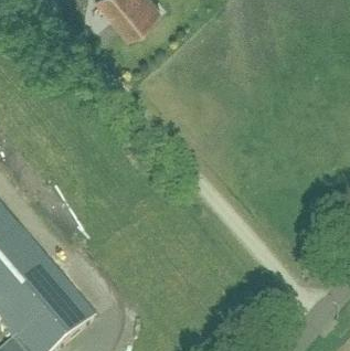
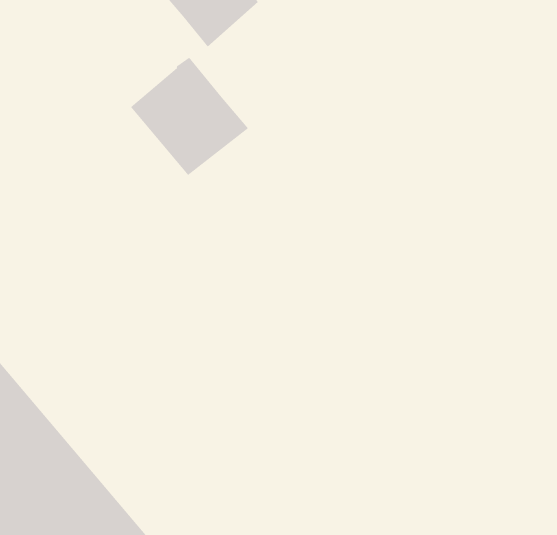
building: none -> [130,57,249,176]

